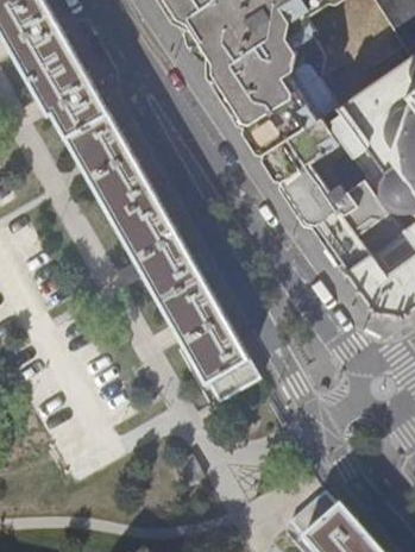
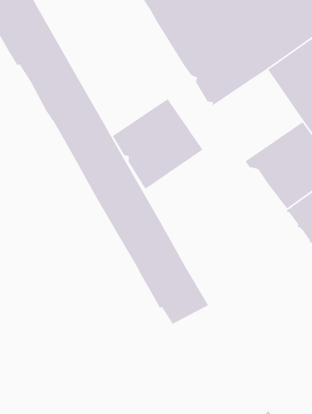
building: [264,118,365,219] -> [112,98,203,190]

